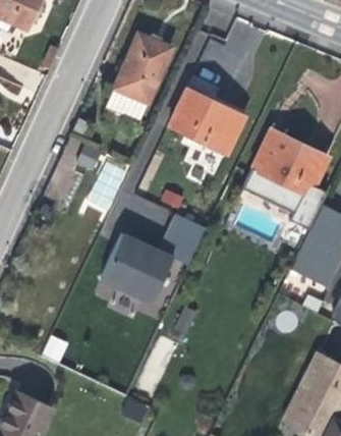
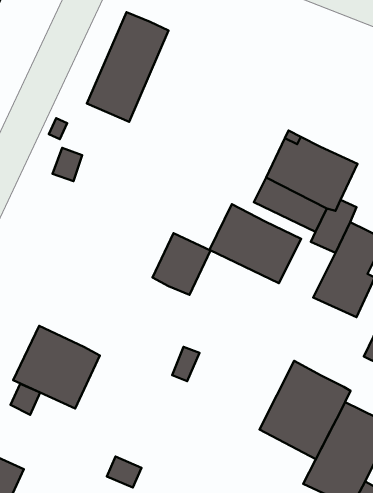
building: [169,88,244,153] -> [210,204,301,283]
building: [101,232,172,301] -> [13,326,100,409]
building: none -> [259,361,351,459]

